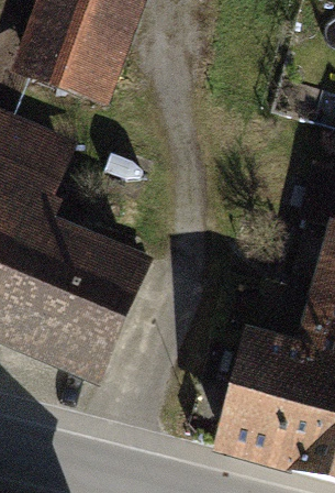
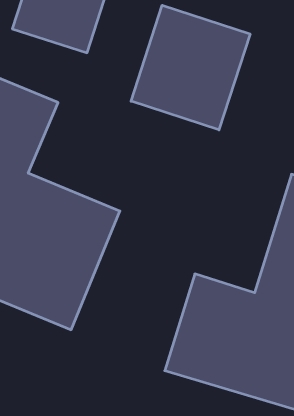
building: none -> [131,5,250,130]

